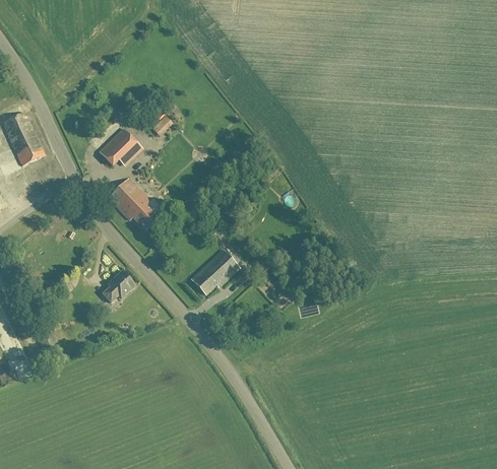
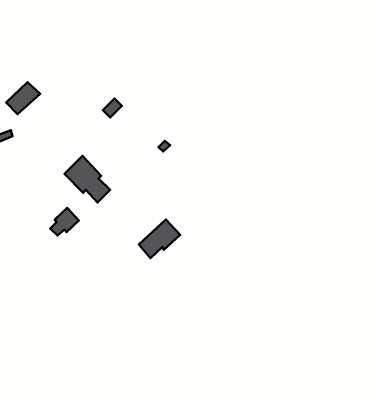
building: [99,128,137,164] -> [6,82,40,114]
building: [103,270,135,302] -> [50,208,79,236]

